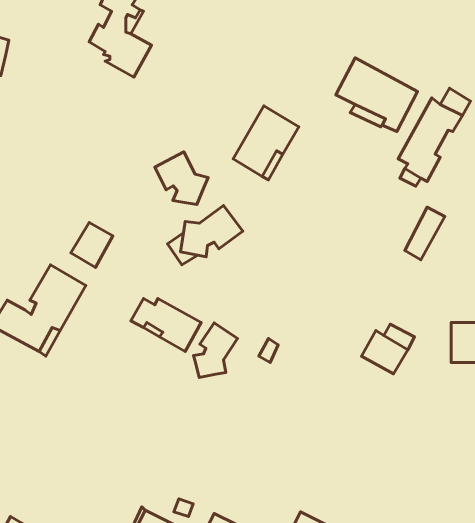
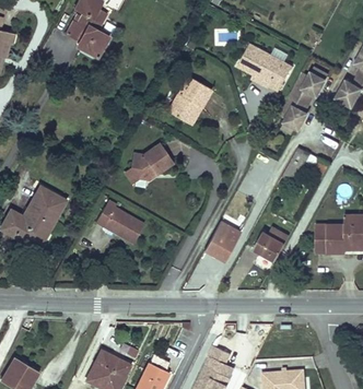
building: [155,152,208,205] -> none
building: [71,222,113,267] -> none
building: none -> [204,221,241,261]
building: [194,323,238,378] -> none

